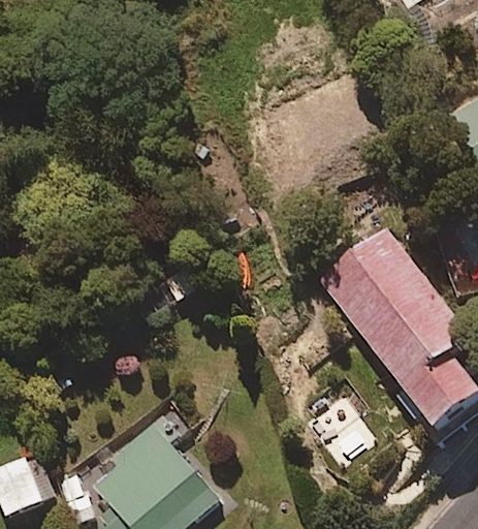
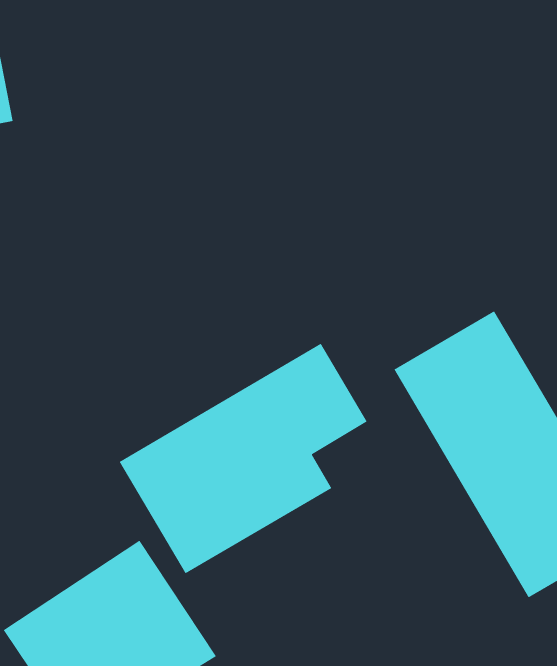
building: none -> [119,343,368,574]

